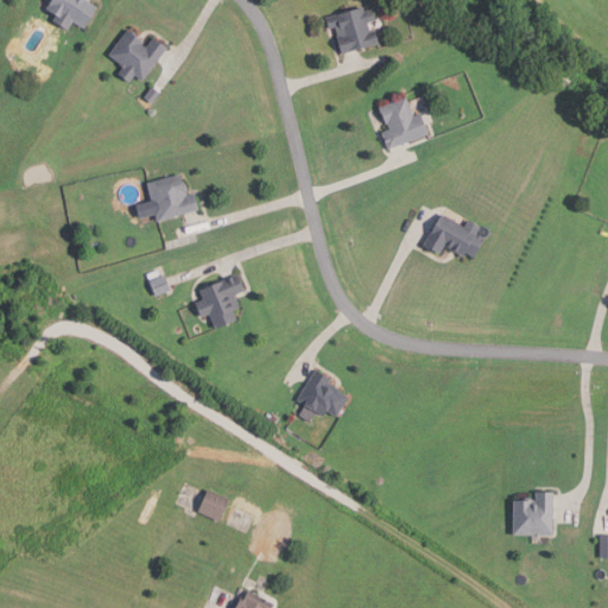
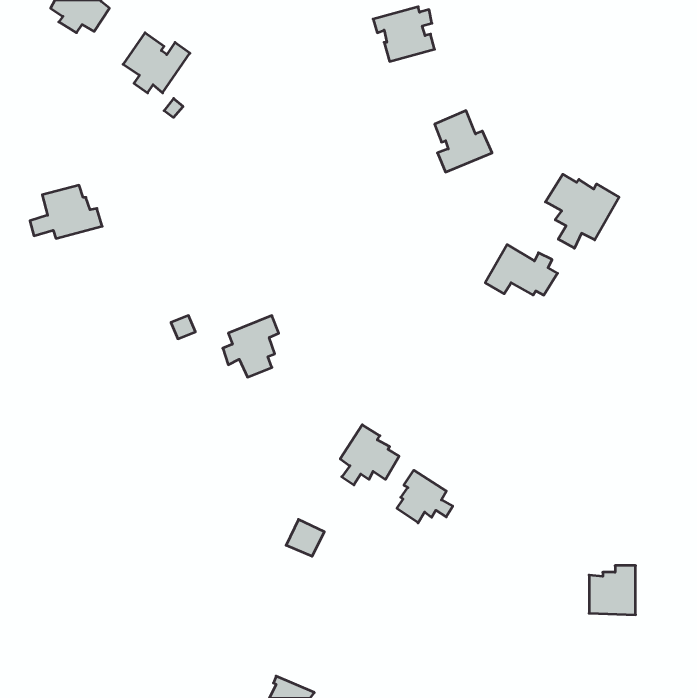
building: none -> [545,174,619,248]
building: [134,173,197,220] -> [30,185,102,238]
building: none -> [397,470,453,523]
building: [197,489,230,521] -> [286,519,324,556]

